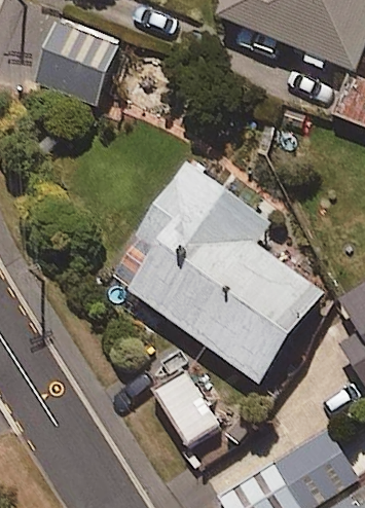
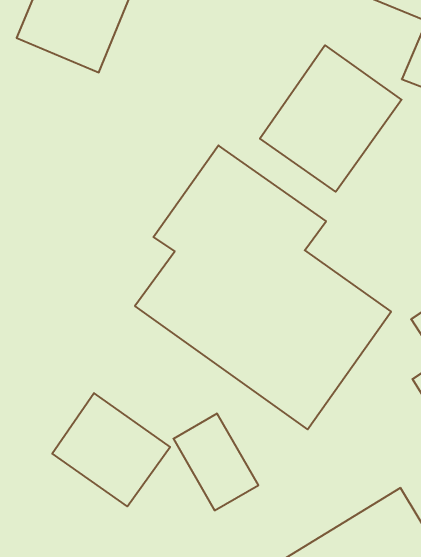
building: none -> [260,45,402,192]
building: none -> [52,393,170,506]

